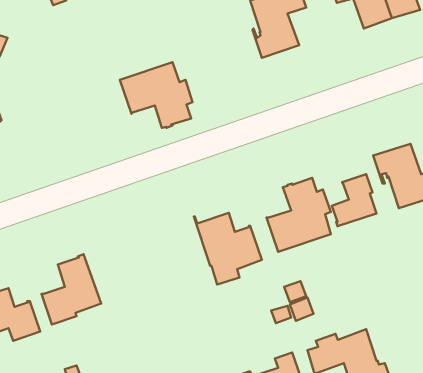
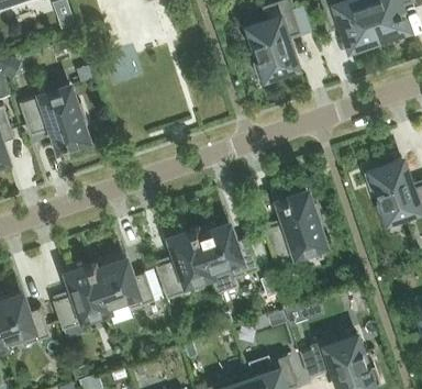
building: [120,62,192,128] -> [19,86,87,147]
building: [332,174,376,226] -> none
building: none -> [155,227,210,298]
building: none -> [91,259,154,309]

